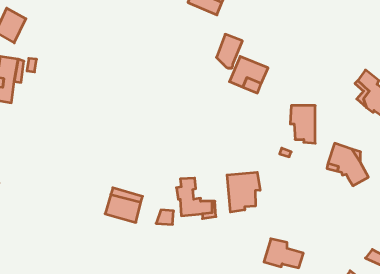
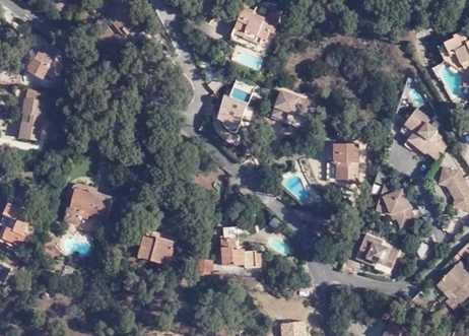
building: [216,34,242,68] -> [218,96,246,132]
building: none -> [63,190,112,225]
building: [227,172,260,212] -> none
building: [264,239,303,268] -> [356,238,398,268]

